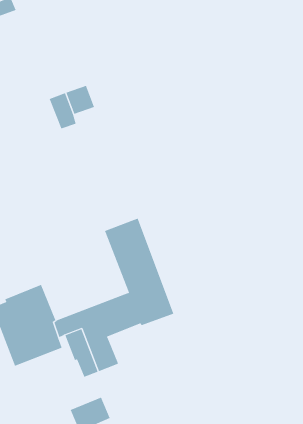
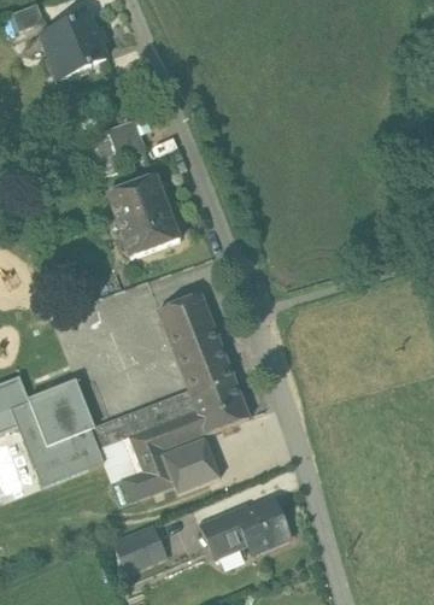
building: none -> [46,13,105,78]
building: none -> [105,174,178,257]
building: none -> [164,437,218,493]
building: none -> [199,499,289,556]

